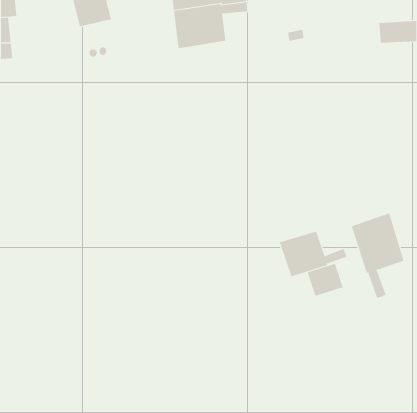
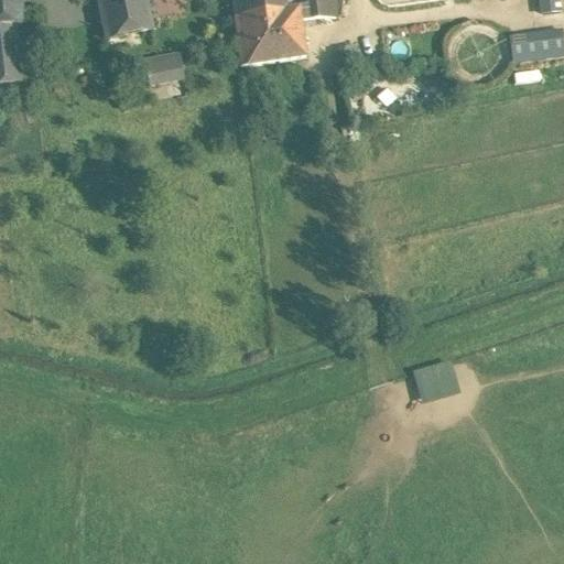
building: none -> [144,52,183,83]
building: [351,213,404,299] -> none
building: [279,231,347,277] -> none

